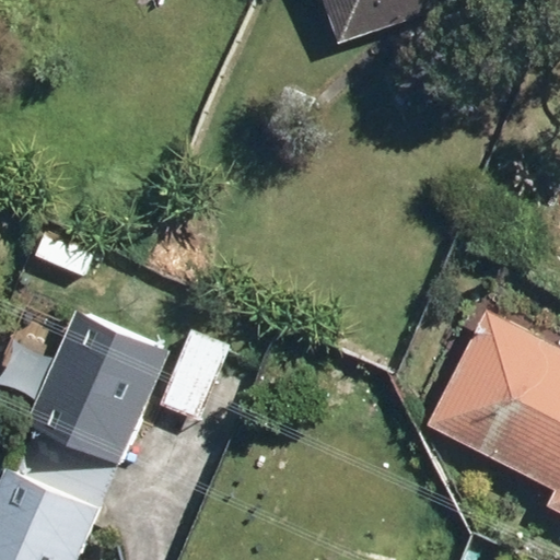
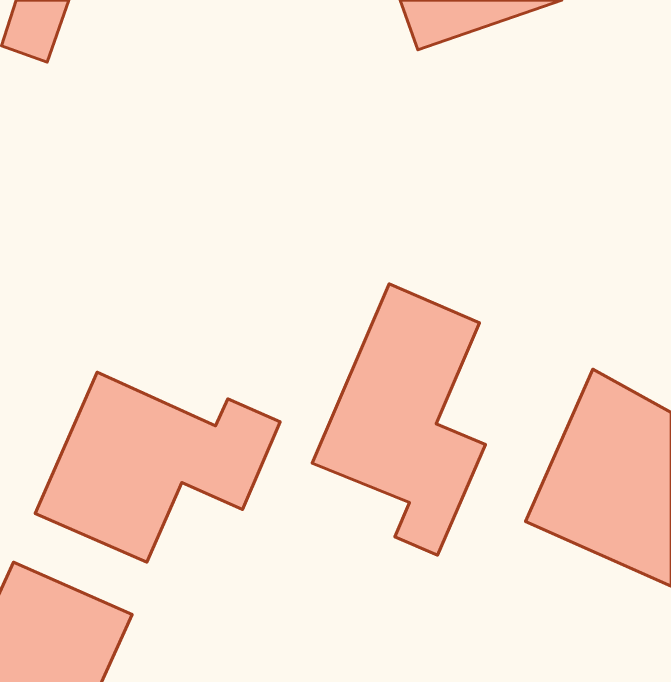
building: none -> [312,284,486,555]

